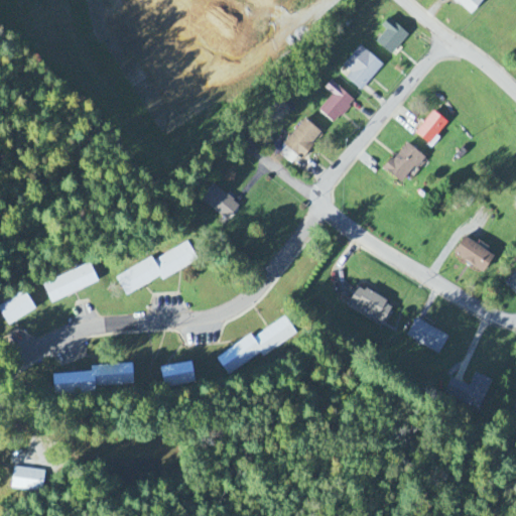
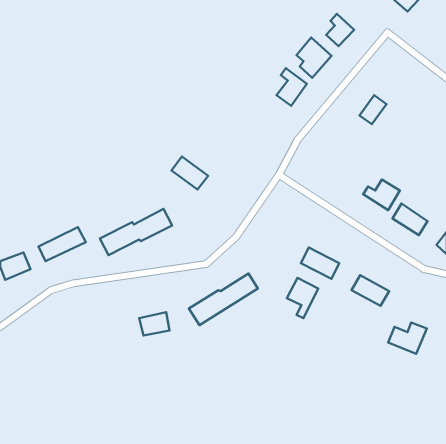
building: [278,119,322,162] -> none
building: [385,141,423,182] -> none
building: none -> [363,180,400,210]
building: none -> [287,278,318,318]
building: [54,362,134,390] -> none
building: [13,467,45,487] -> none

